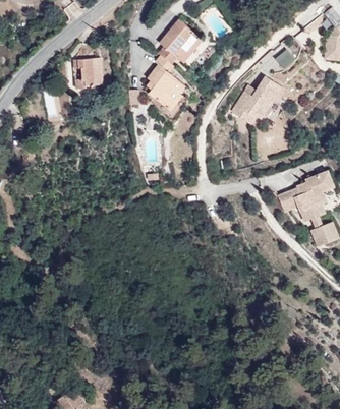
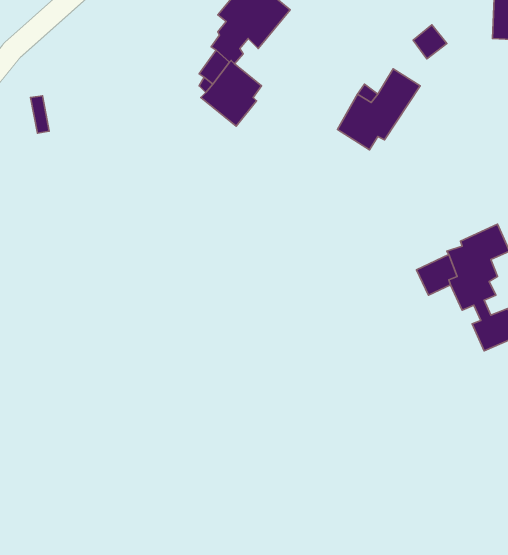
building: [72,58,103,90] -> none

